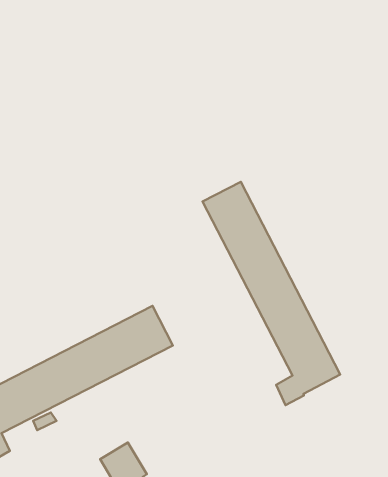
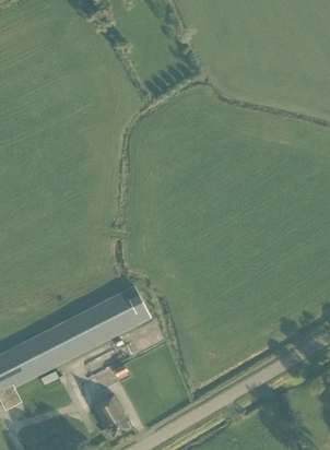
building: [202,182,340,405] -> none

